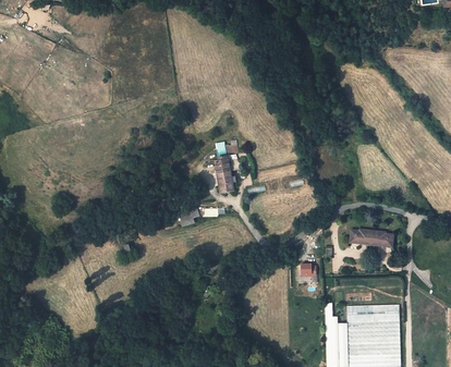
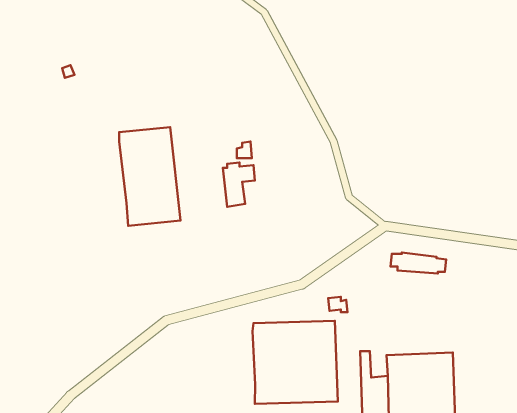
building: none -> [119,127,181,226]
building: none -> [252,321,338,404]

